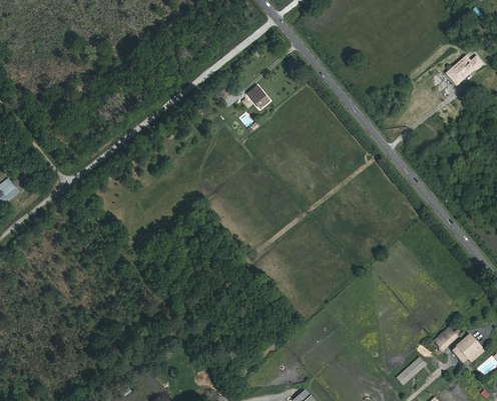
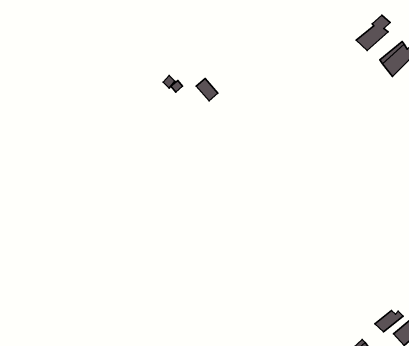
building: none -> [356,15,390,51]

